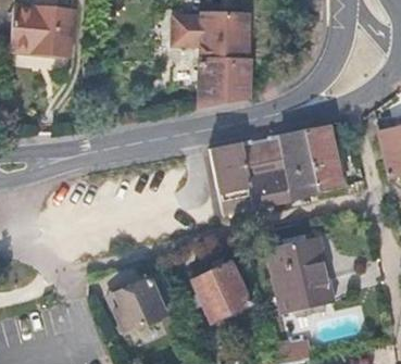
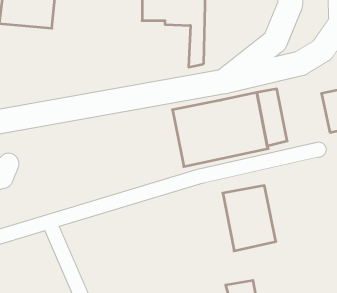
building: [197,52,230,108] -> none
building: [195,263,250,322] -> none
building: [115,274,173,332] -> none

